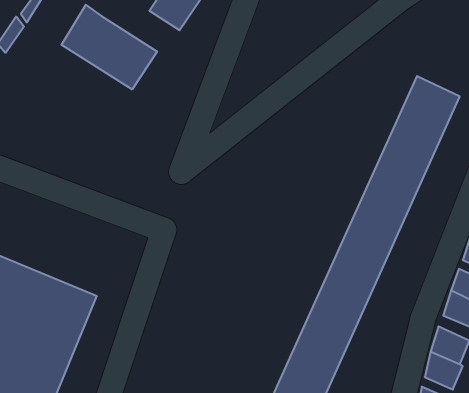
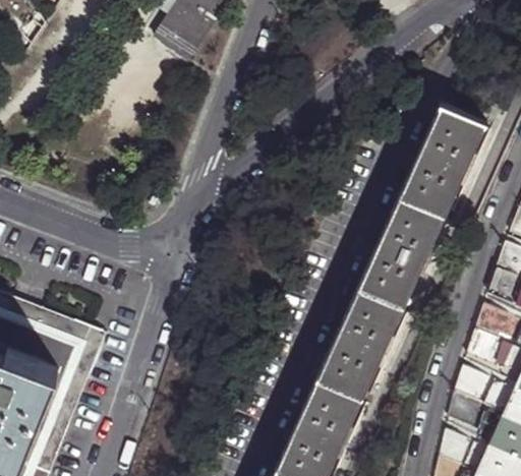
building: [61,5,157,89] -> none

